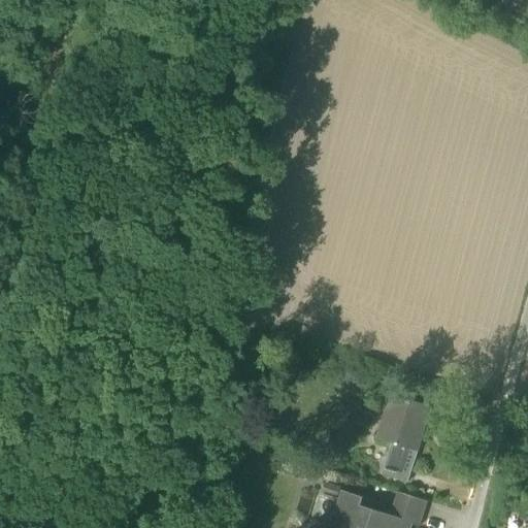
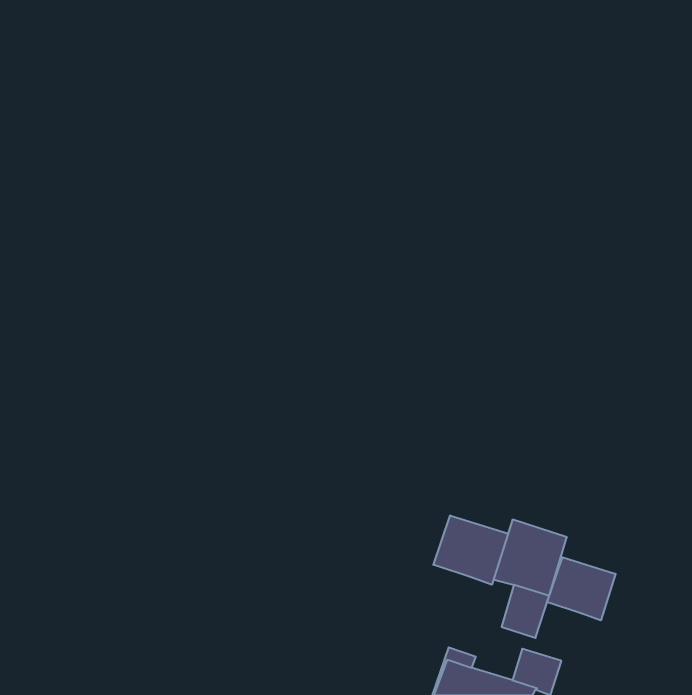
building: none -> [433,515,508,585]
building: none -> [547,557,616,620]

